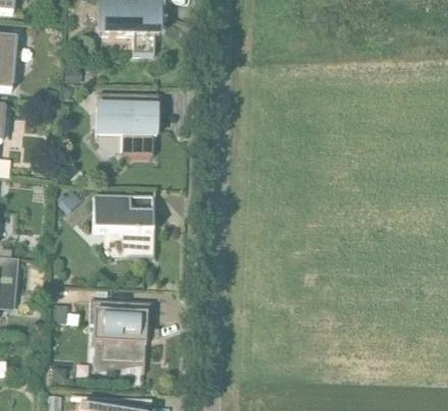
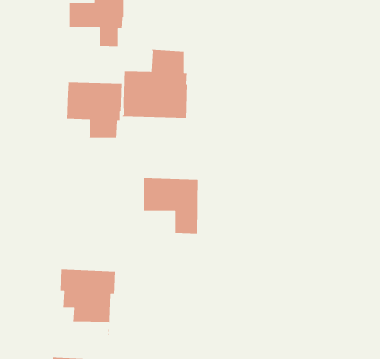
building: none -> [122,49,188,119]
building: [93,192,154,257] -> [143,175,199,234]

